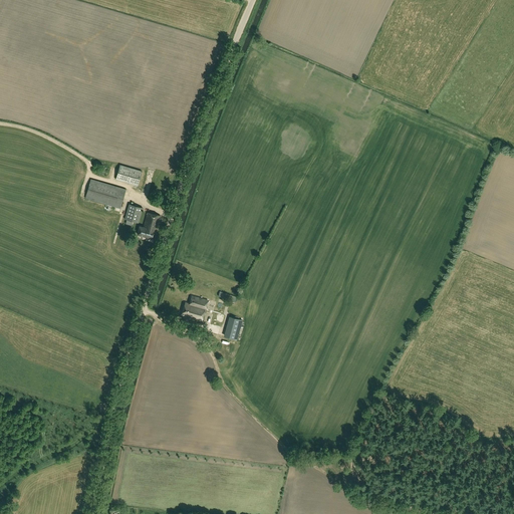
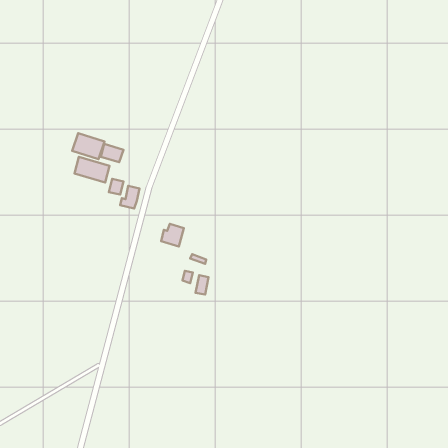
building: none -> [72,133,105,159]
building: [182,295,208,321] -> [161,224,184,246]

